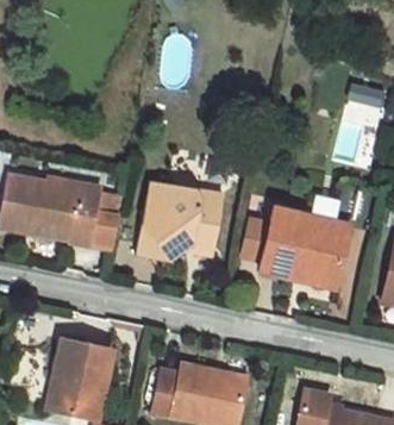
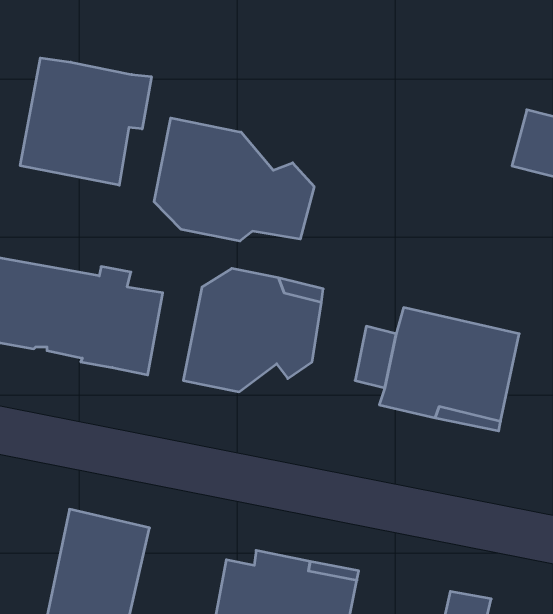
building: none -> [20,58,151,185]
building: none -> [154,118,314,241]

